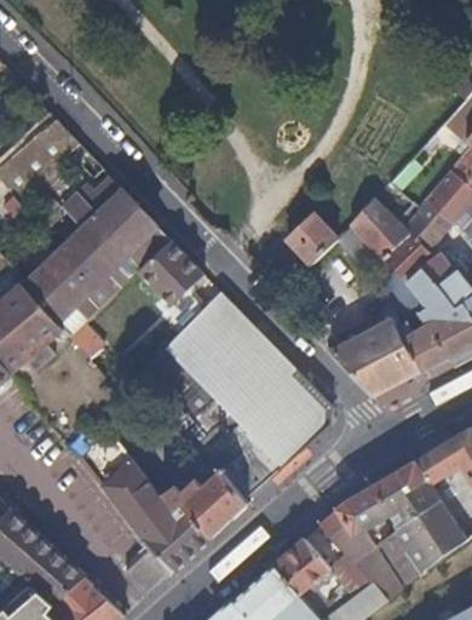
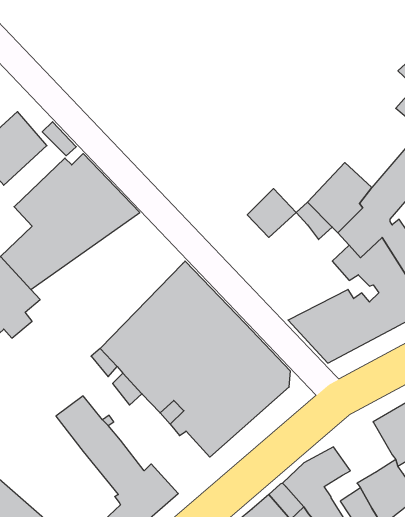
building: [53,236,202,356] -> none
building: [376,460,443,526] -> none
building: [149,466,248,536] -> none

